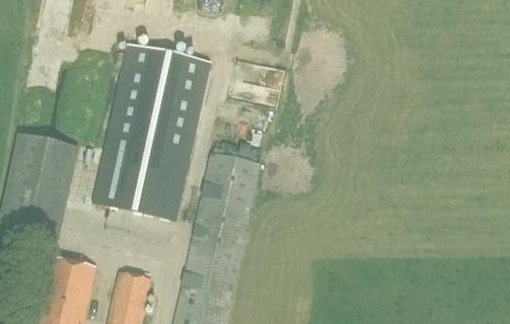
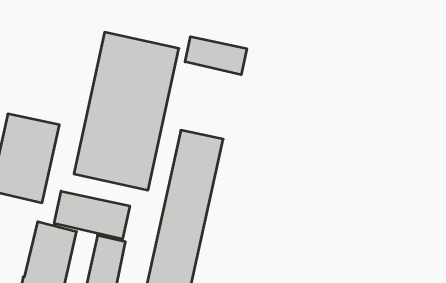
building: none -> [185,37,247,75]
building: none -> [54,191,130,239]

